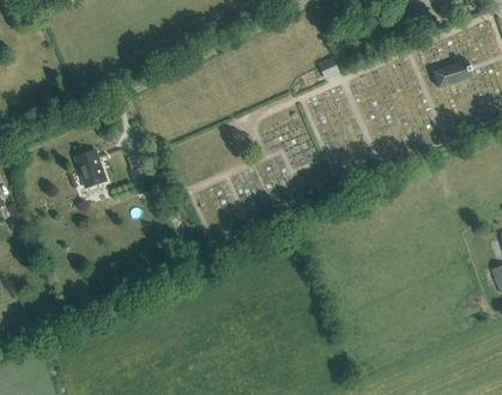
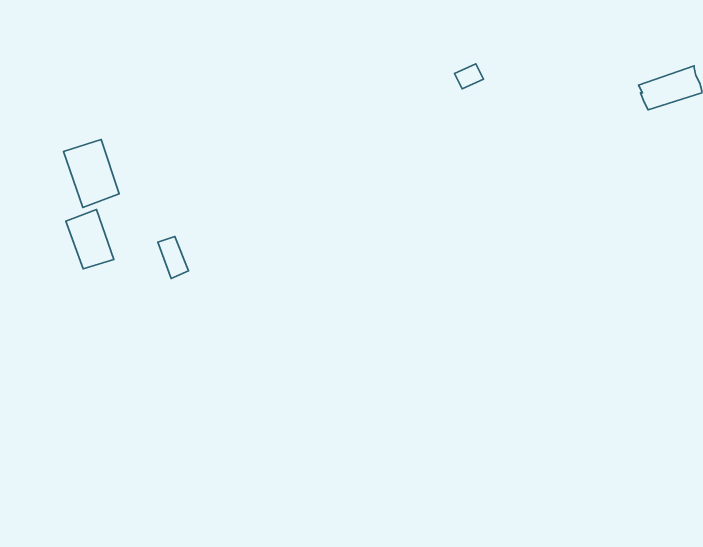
building: none -> [63,139,119,208]

